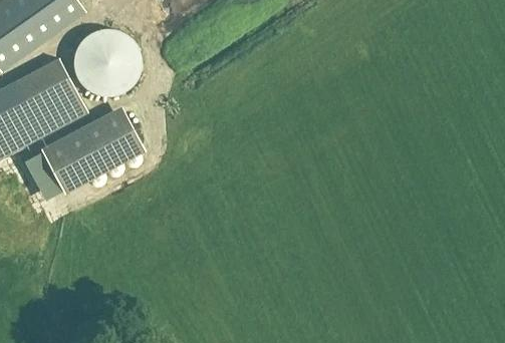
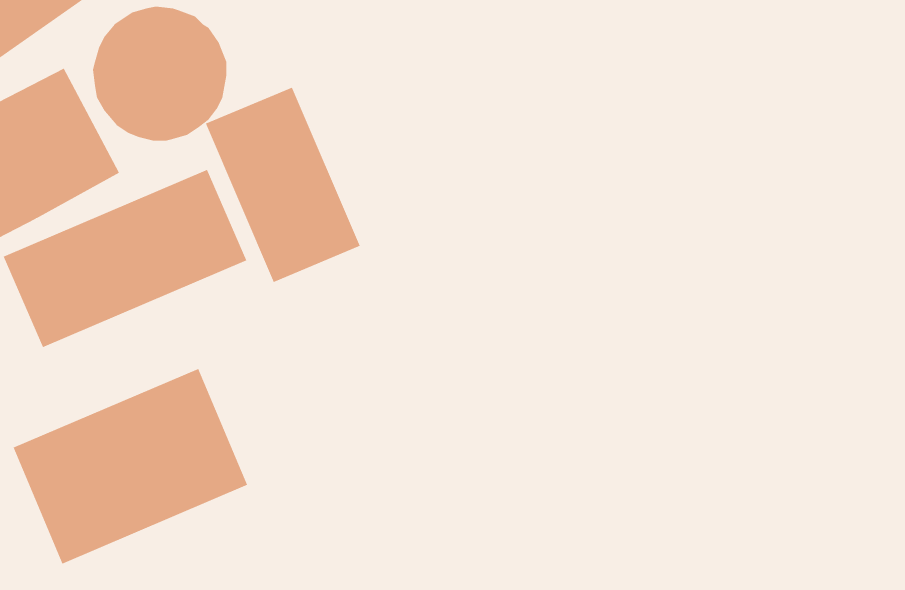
building: none -> [205,87,360,283]
building: none -> [13,368,248,564]

